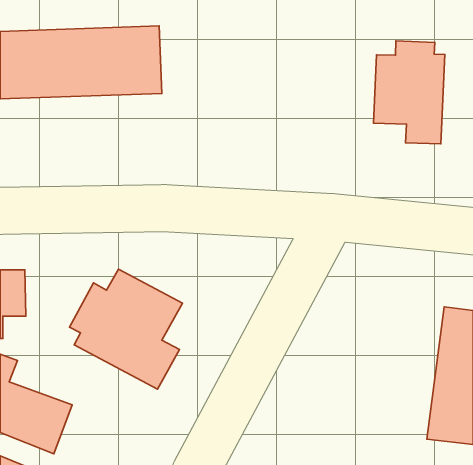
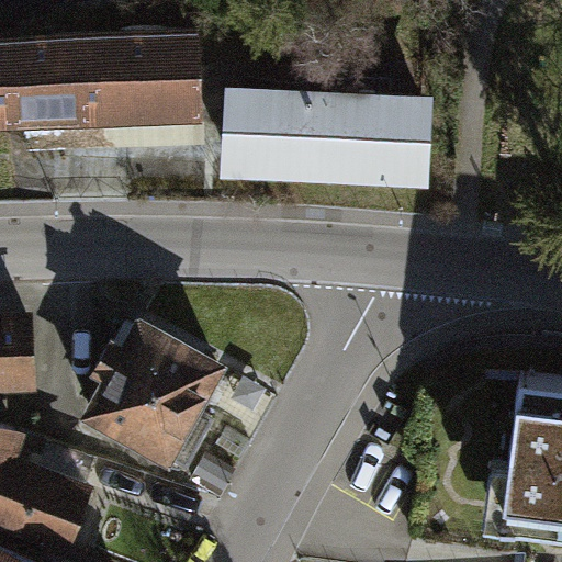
building: [374,41,445,144] -> none
building: none -> [232,97,422,182]

